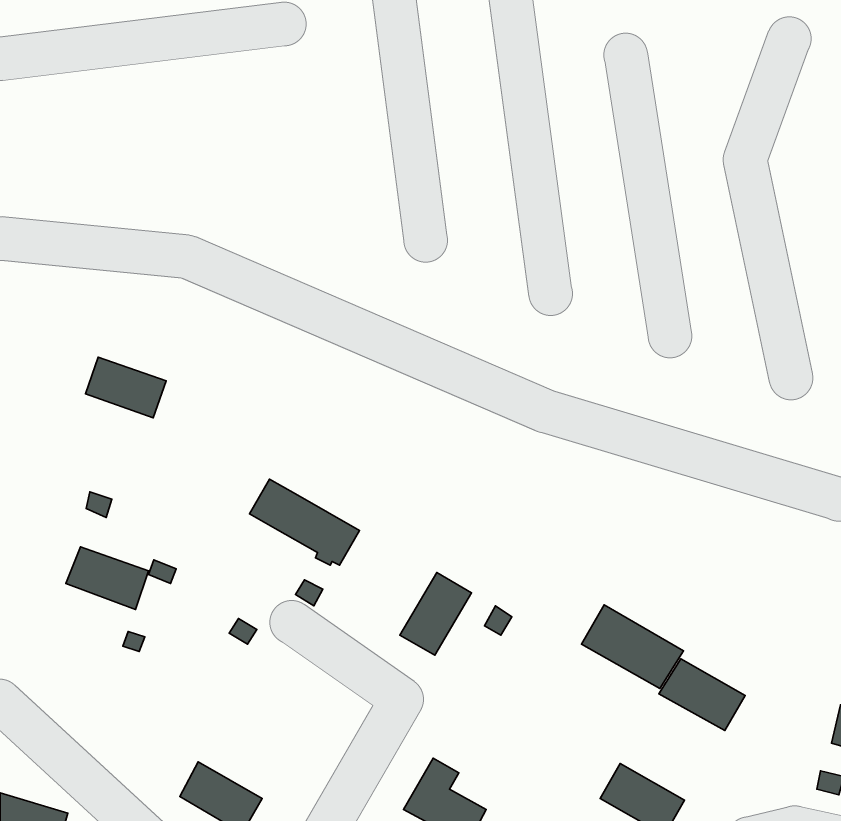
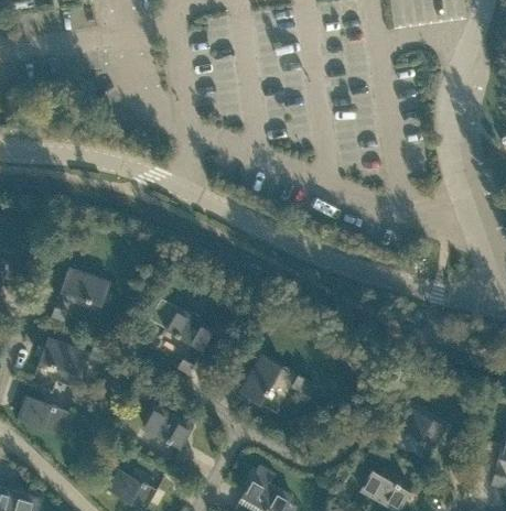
building: [85,357,166,418] -> [62,270,110,306]
building: [582,605,684,688] -> none
building: none -> [19,398,68,435]
building: none -> [143,406,194,449]

